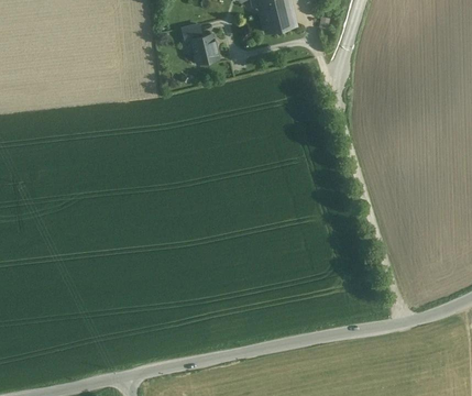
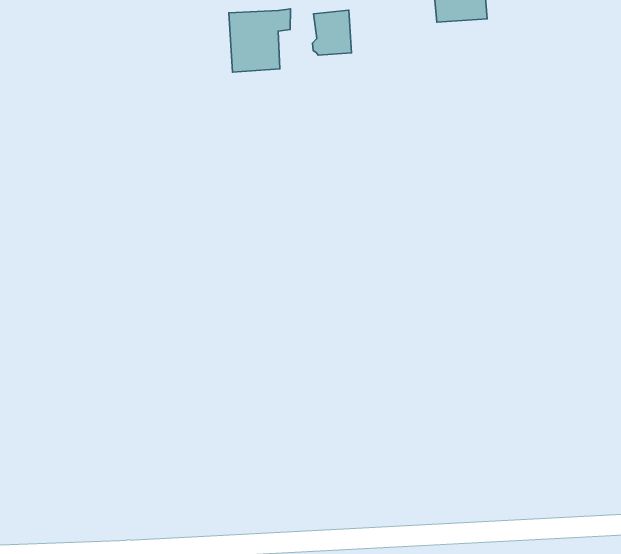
building: none -> [229,9,290,72]

